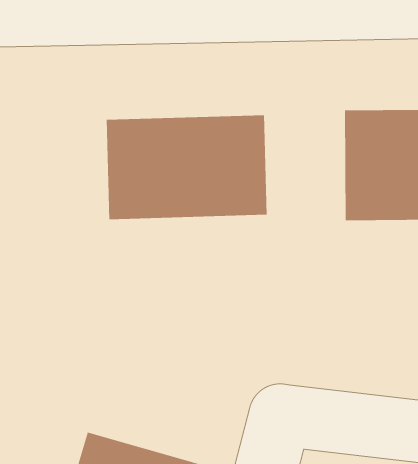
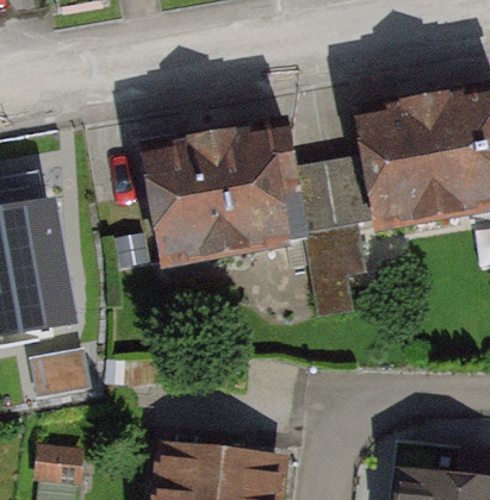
building: none -> [317,207,382,304]

